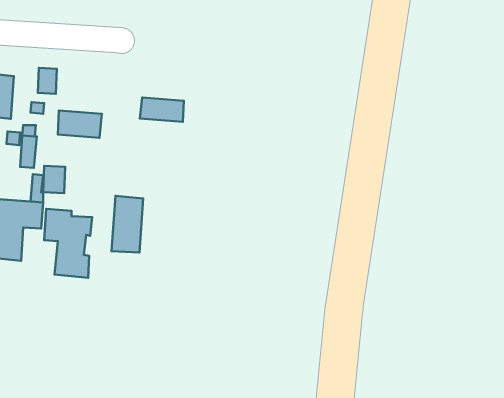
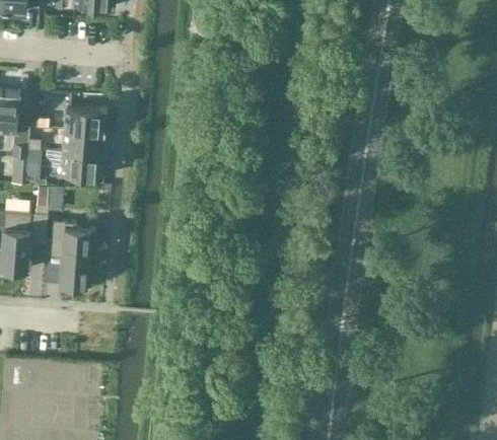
building: [140,98,184,122] -> [60,106,102,130]
building: none -> [57,150,99,177]
building: [112,196,143,253] -> none

